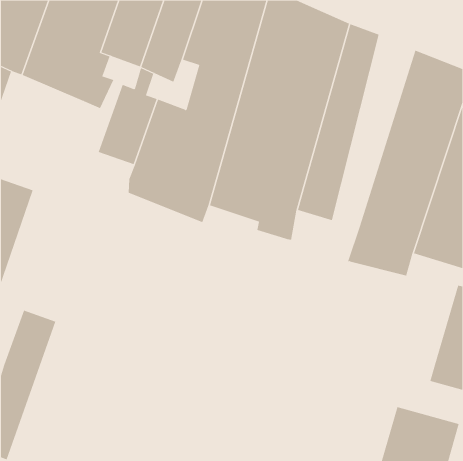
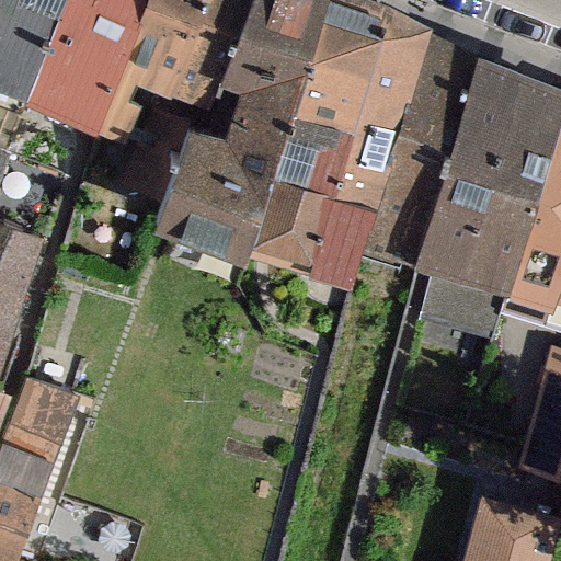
building: none -> [402,44,502,277]

